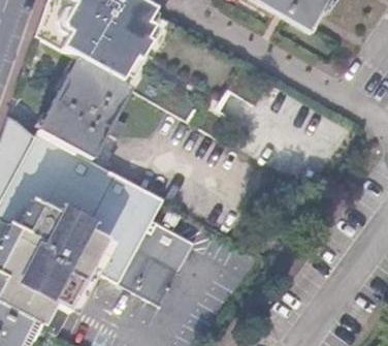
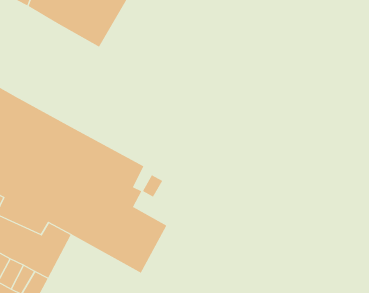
building: [37,57,131,160] -> none

